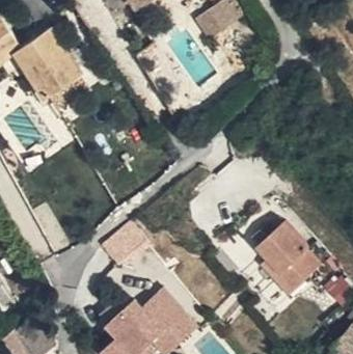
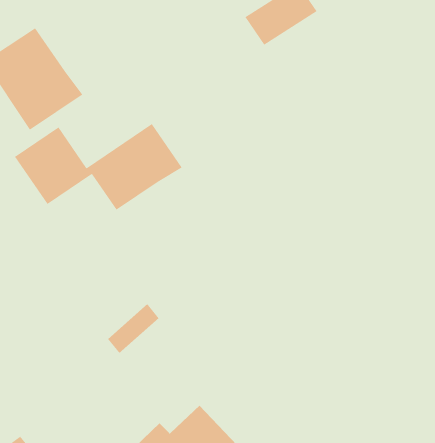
building: none -> [14,123,182,210]
building: [255,224,318,294] -> none

